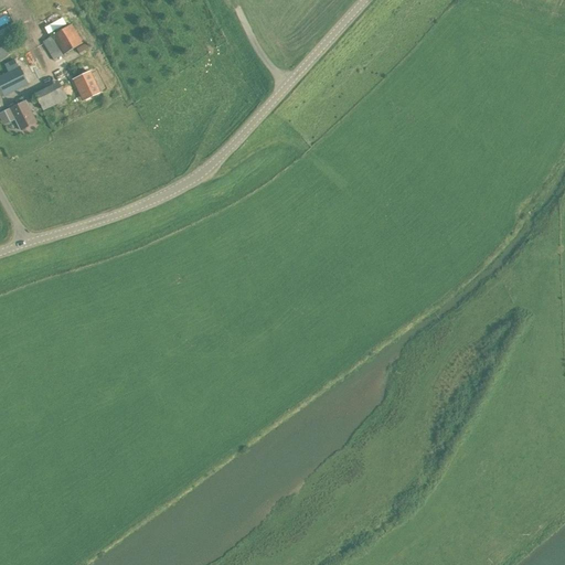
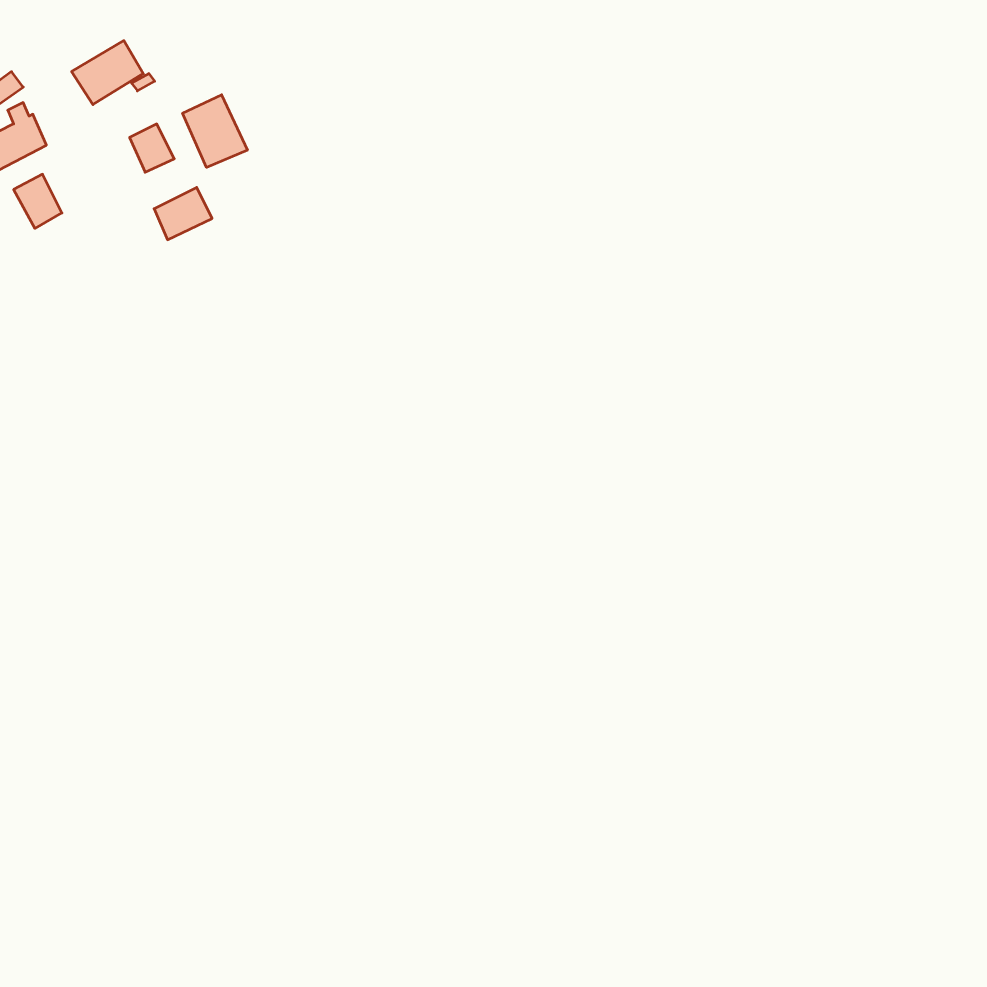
building: none -> [183,95,247,167]
building: [34,81,67,110] -> [154,187,212,240]

